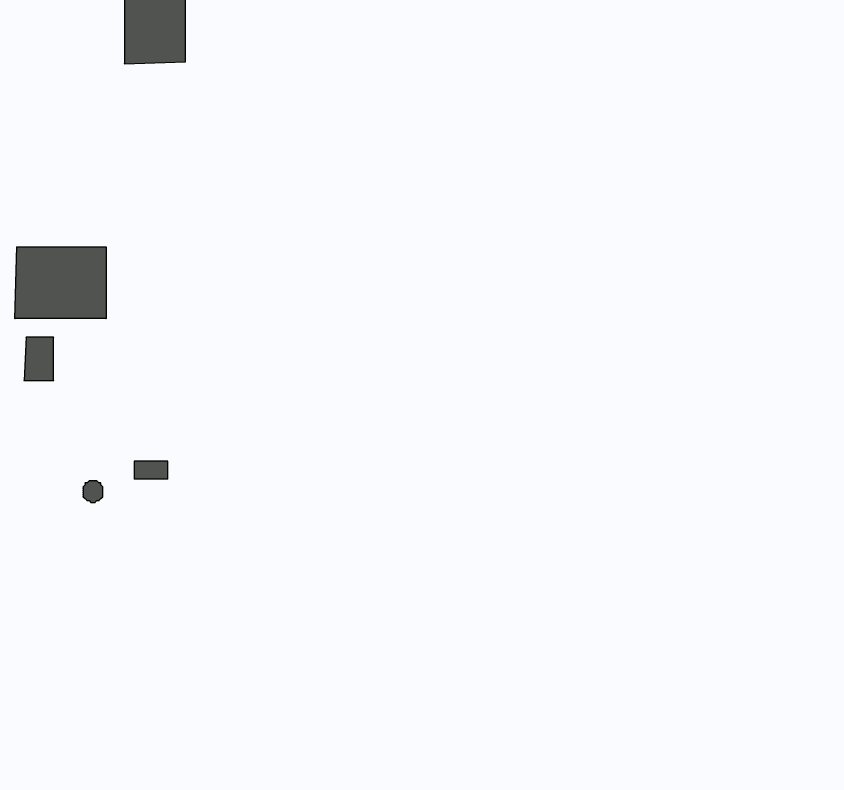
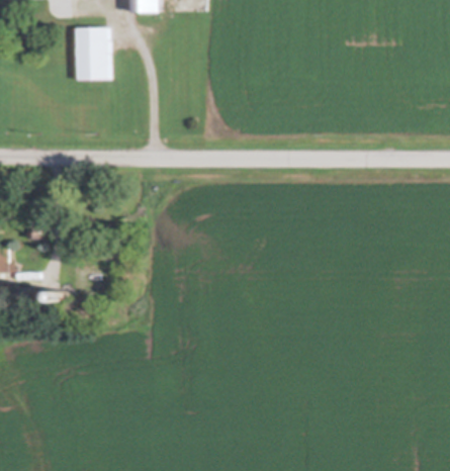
building: [15,247,106,319] -> none

